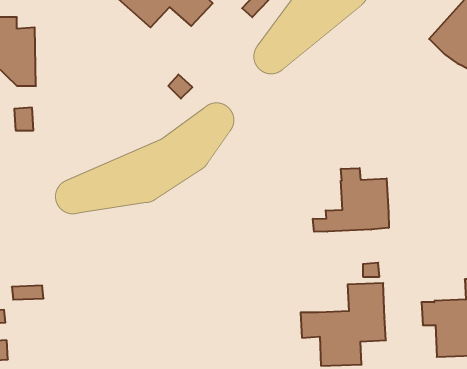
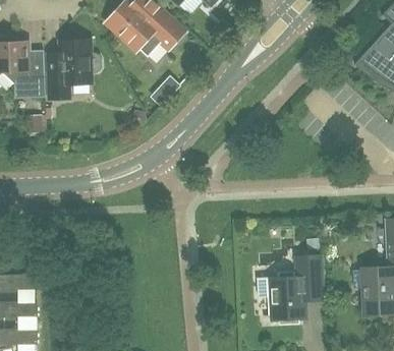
building: none -> [47,39,101,98]
building: [313,168,389,232] -> none

